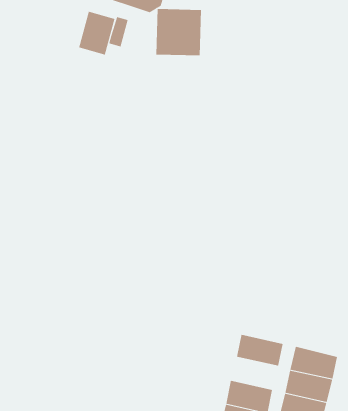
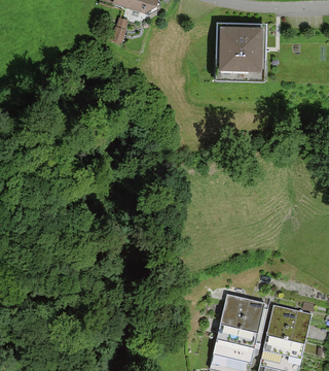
building: [156,9,202,56] -> [221,29,261,70]
building: [79,11,115,55] -> none
building: none -> [218,315,260,344]

